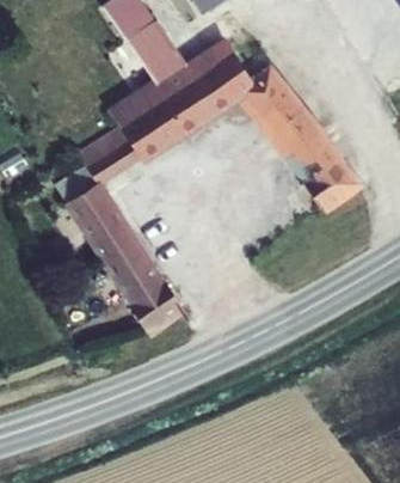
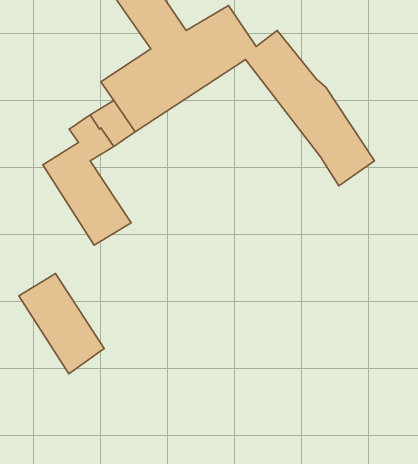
building: [101,237,179,328] -> [19,274,104,374]

